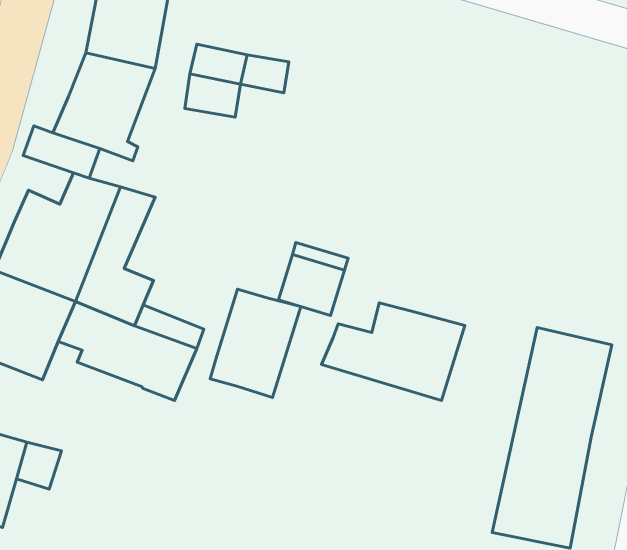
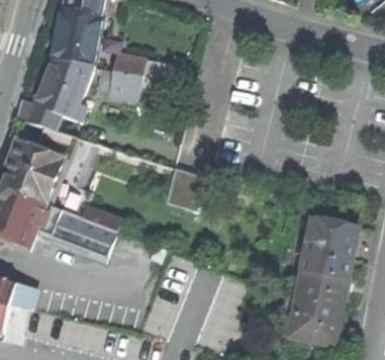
building: [210,289,301,398] -> none
building: [321,303,465,400] -> none

